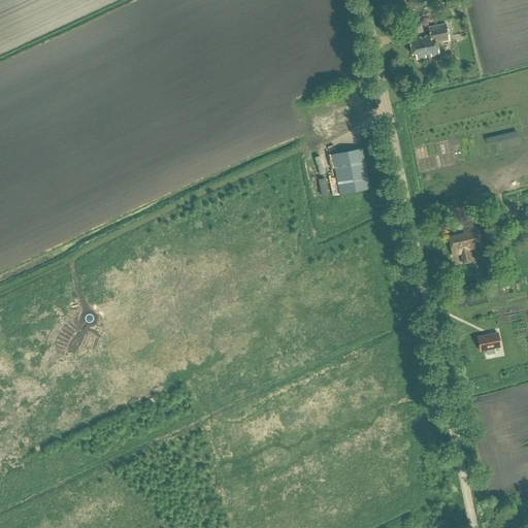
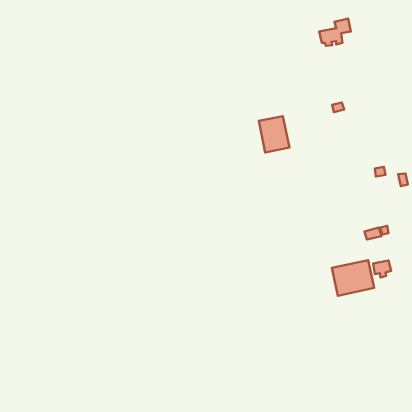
building: [448,227,482,264] -> none
building: none -> [332,260,374,296]

